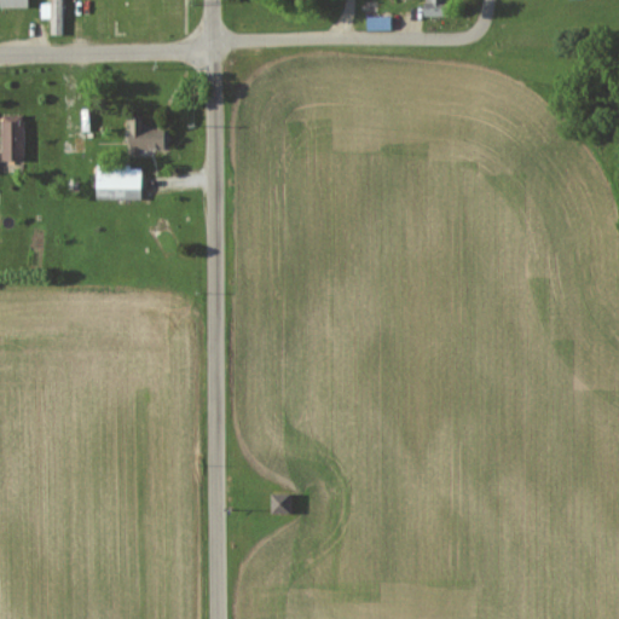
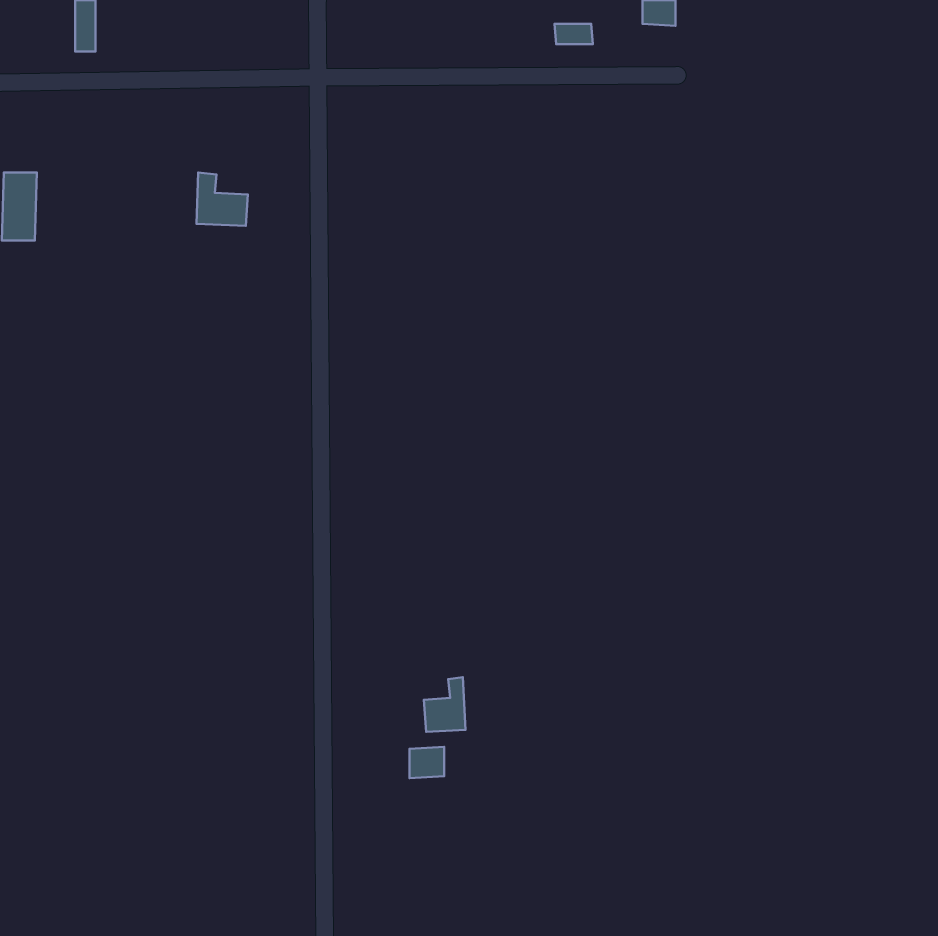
building: [94,167,143,199] -> none
building: none -> [424,677,465,732]

